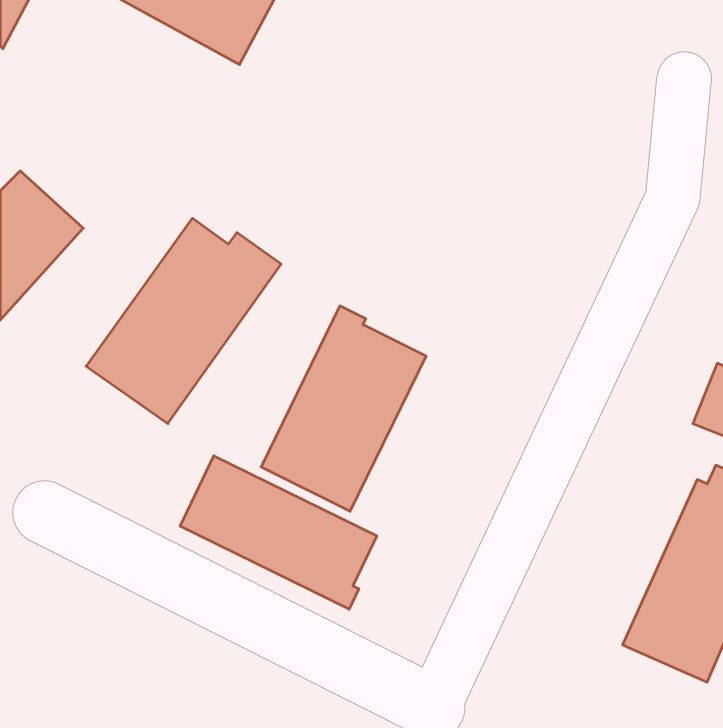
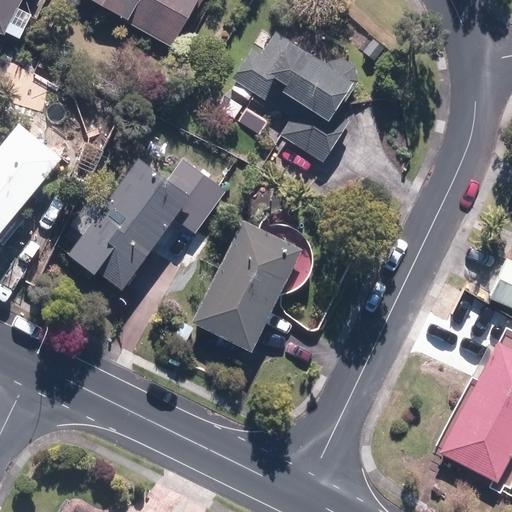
building: none -> [232,40,352,157]
building: [180,456,377,609] -> none

